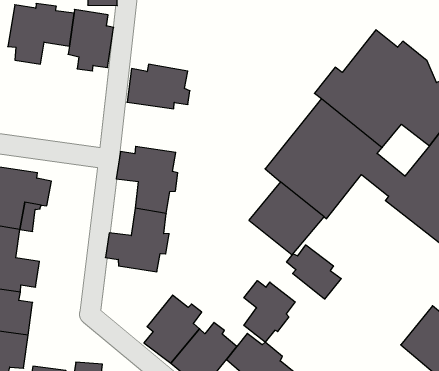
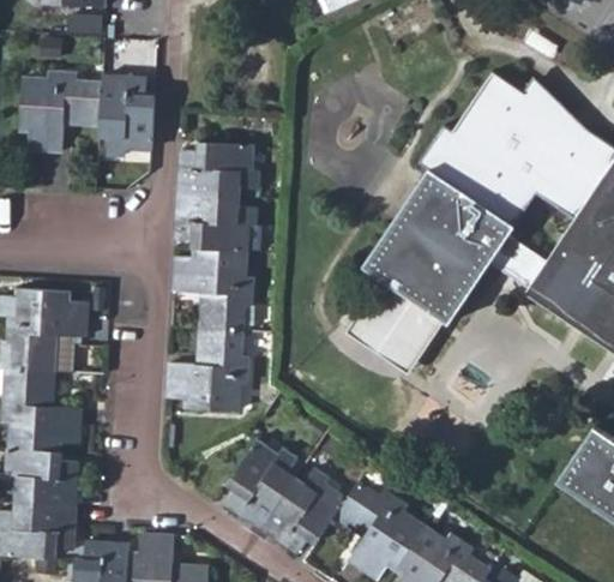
building: none -> [175,192,257,252]
building: [287,245,341,299] -> none
building: [244,281,295,342] -> none

